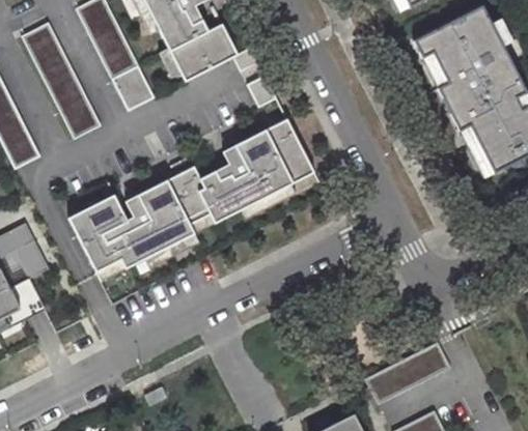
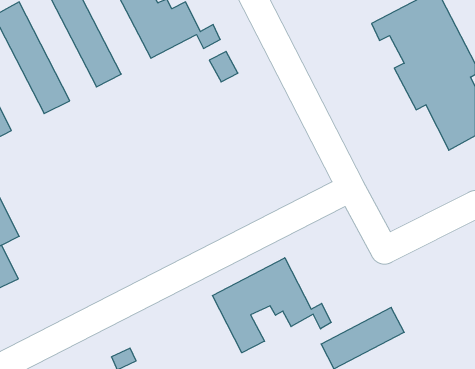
building: [67,117,313,271] -> none
building: none -> [212,258,331,353]

